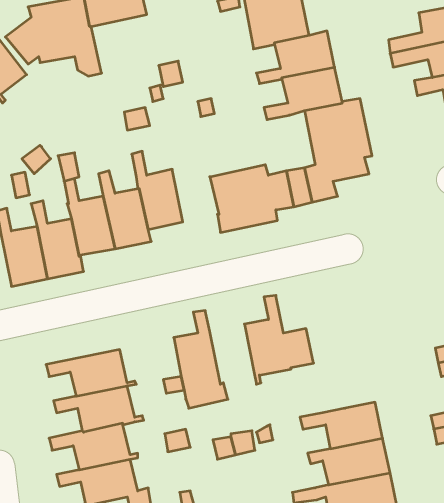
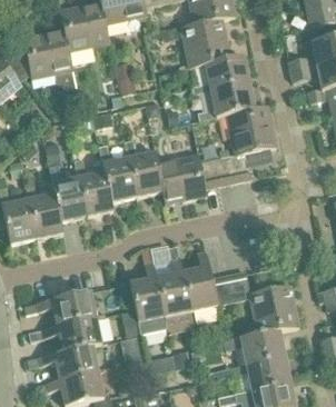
building: none -> [125,139,164,196]
building: none -> [157,256,190,316]
building: none -> [228,270,299,334]

